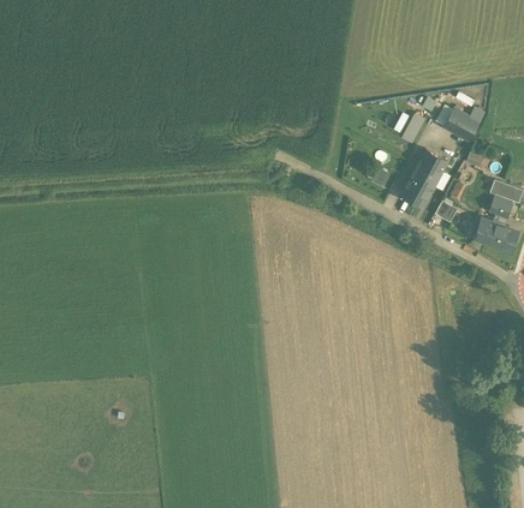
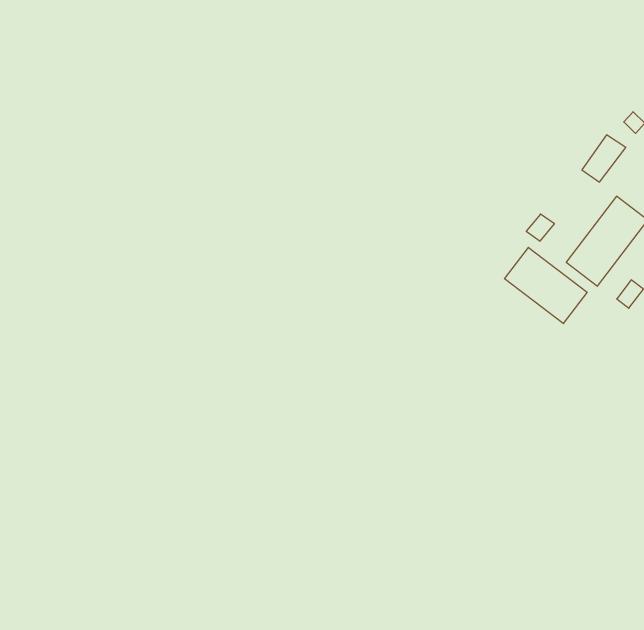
building: none -> [505,247,587,324]

